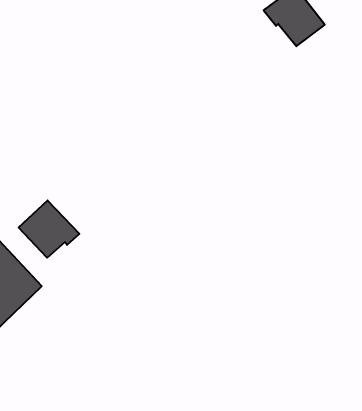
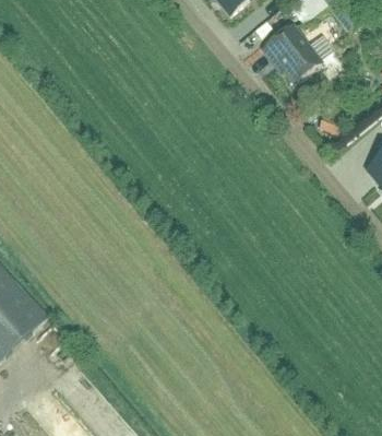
building: [19,200,79,258] -> none

